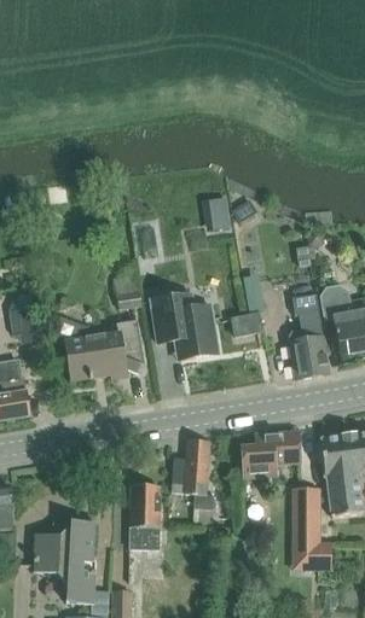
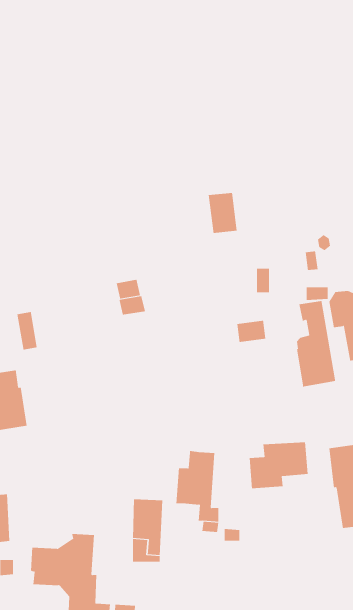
building: [151,296,216,358] -> none
building: [52,315,141,379] -> none
building: [301,490,329,570] -> none

